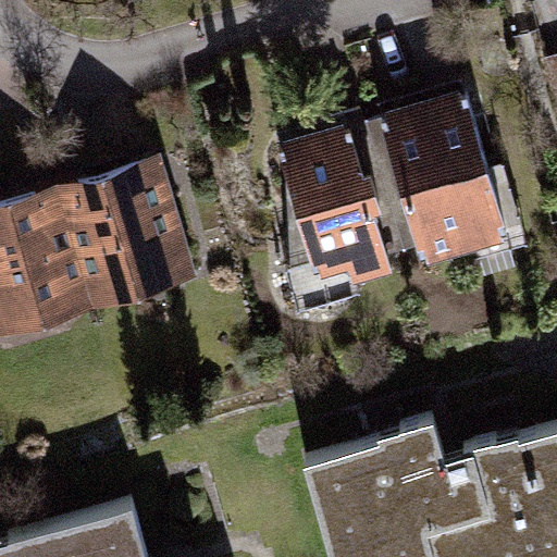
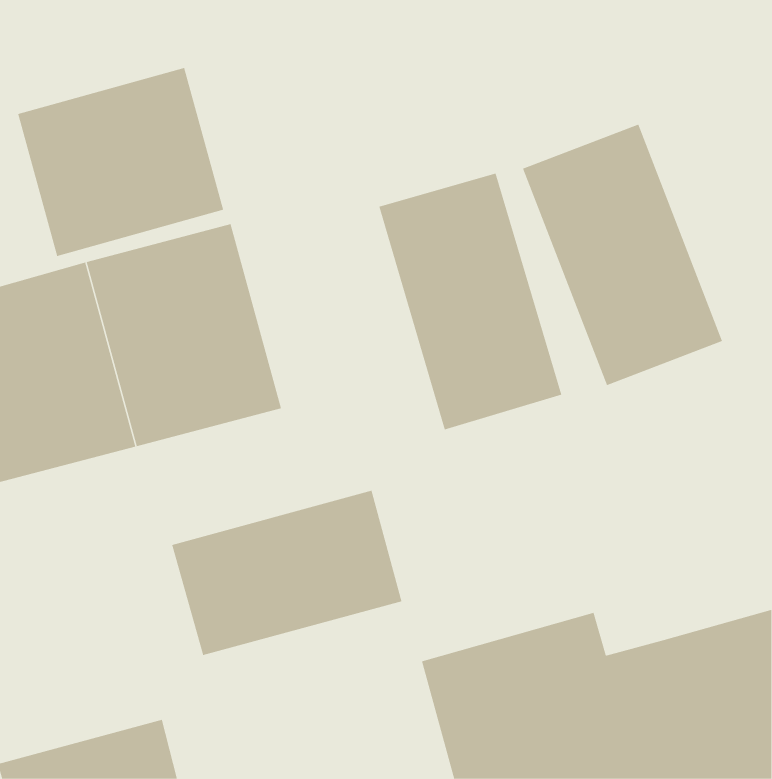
building: none -> [18,67,224,257]
building: none -> [171,490,402,656]

